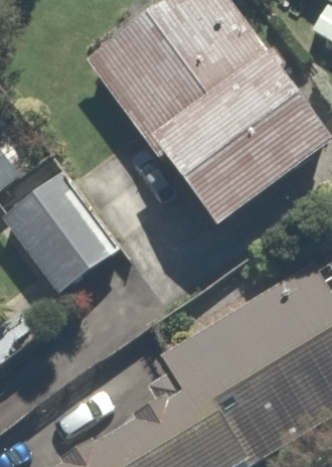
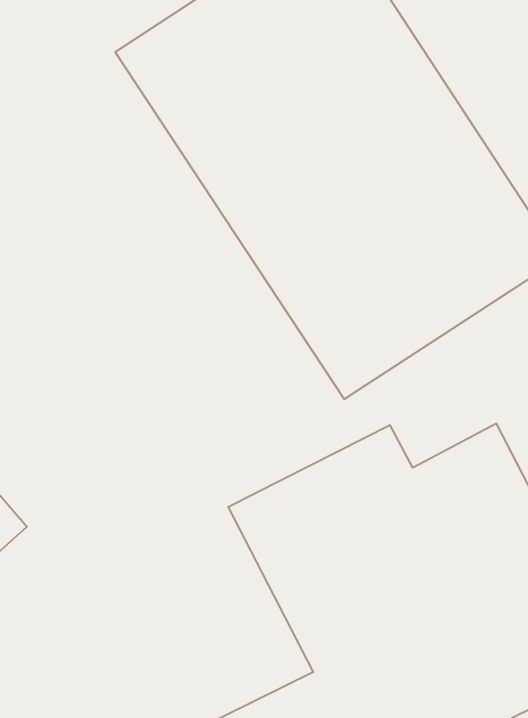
building: [9,183,119,296] -> none

